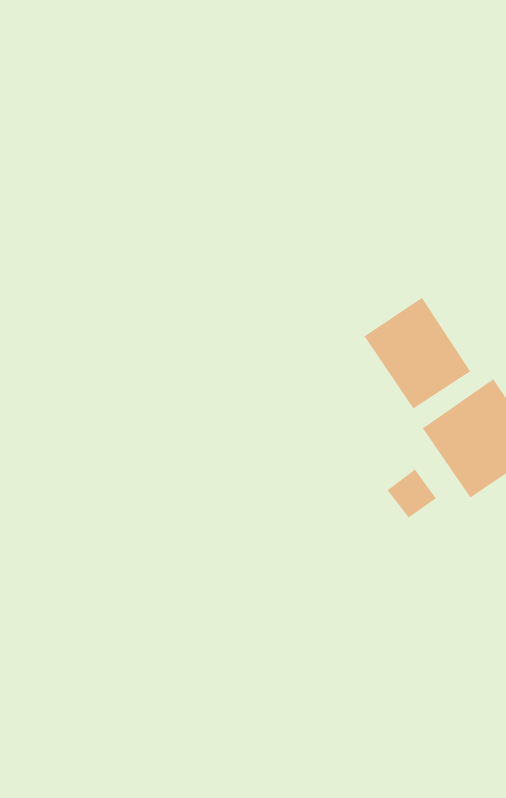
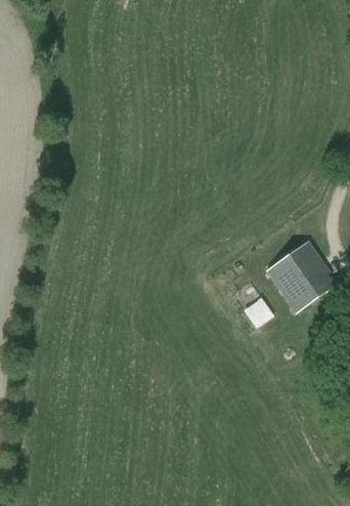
building: [364,297,471,410] -> none

